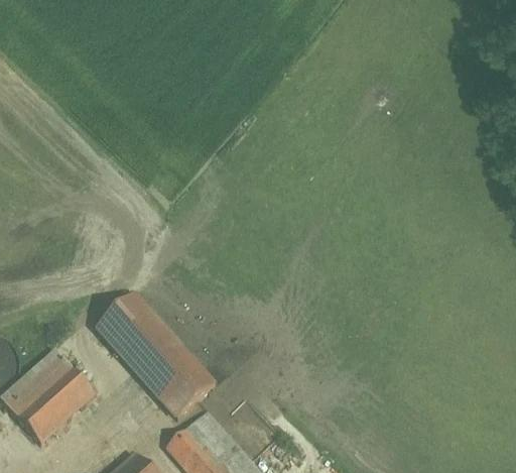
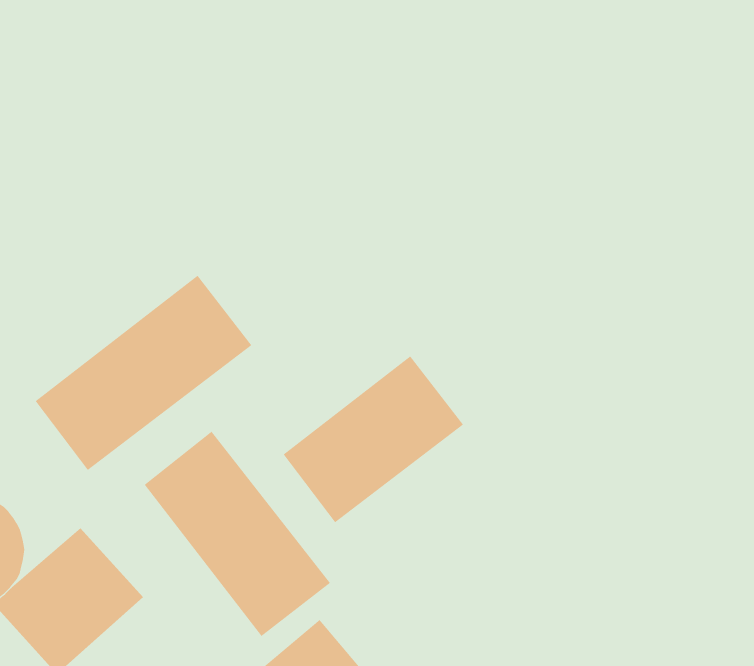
building: none -> [35,275,252,471]
building: none -> [283,355,464,523]

